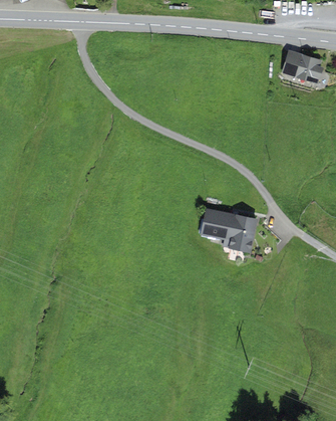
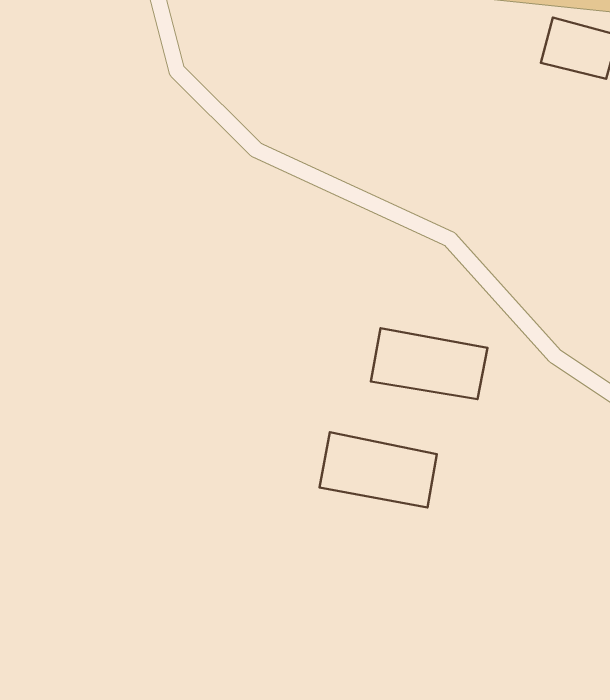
building: none -> [320,432,437,507]

